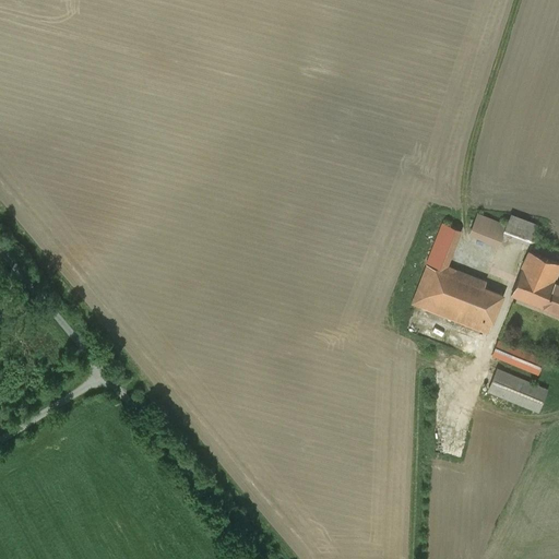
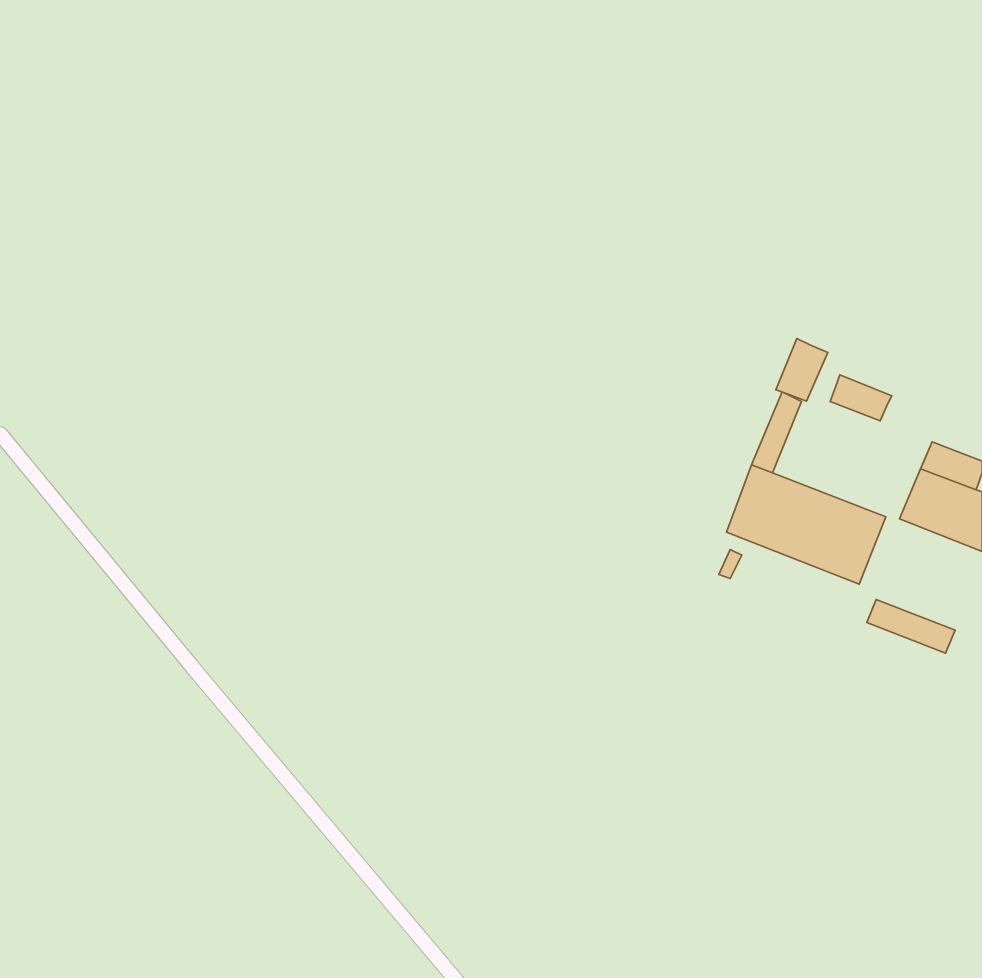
building: none -> [776,339,828,401]
building: [504,216,536,241] -> none
building: [488,370,547,412] -> none

